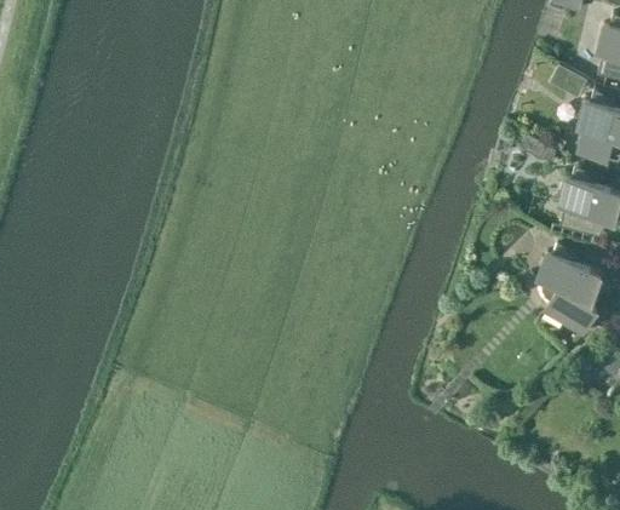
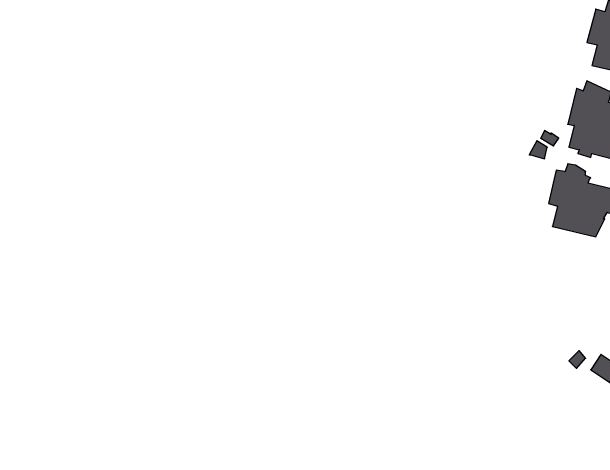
building: [540,246,605,338] -> none

